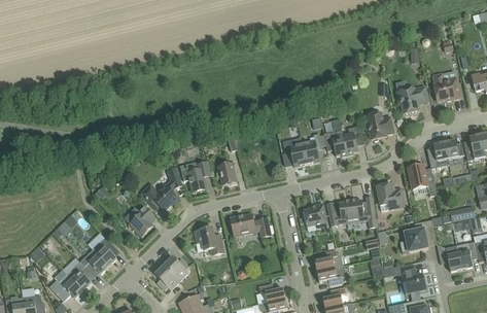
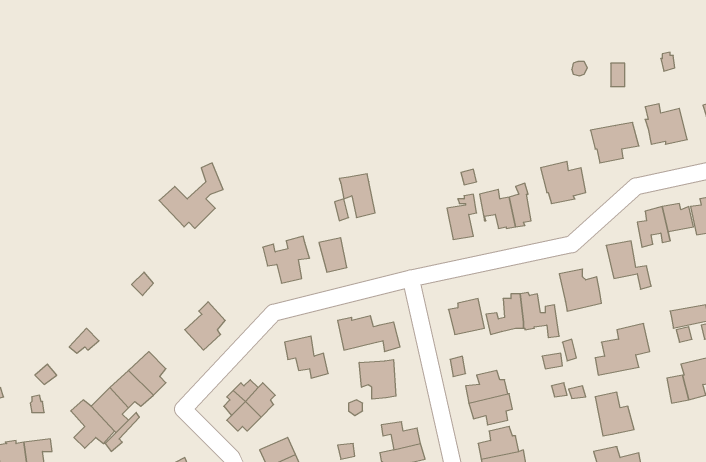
building: [282,137,306,166] -> [339,174,375,218]
building: [140,167,182,210] -> [159,163,223,228]
building: none -> [359,360,396,399]

